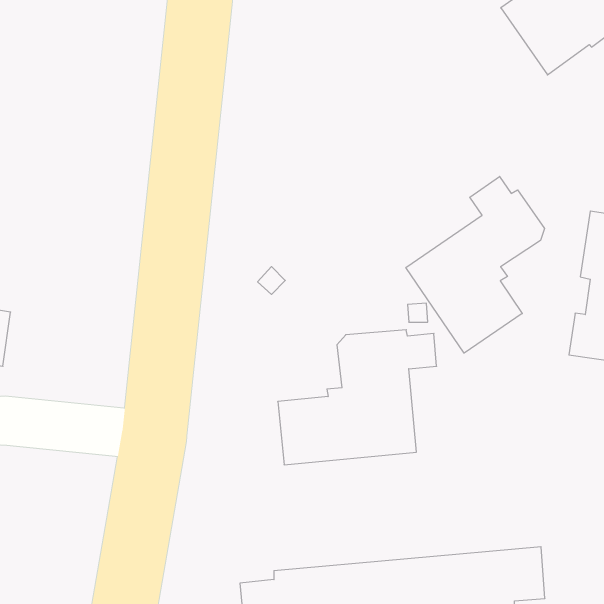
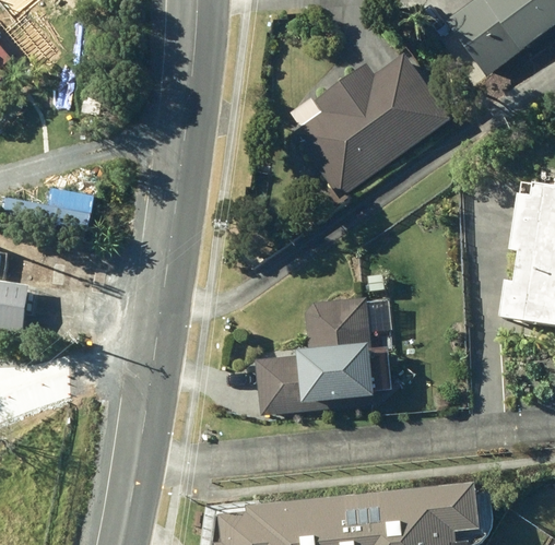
building: none -> [296,52,453,196]
building: [406,176,545,353] -> none

